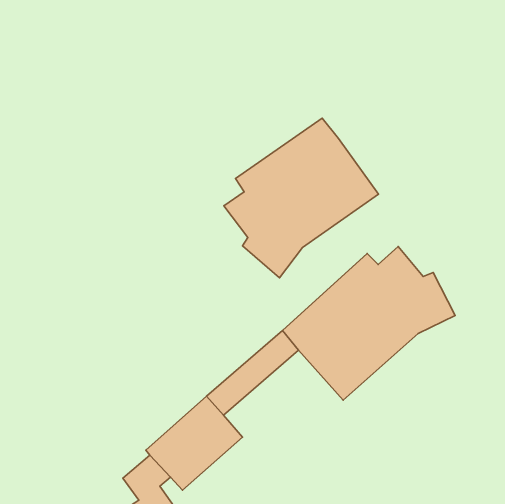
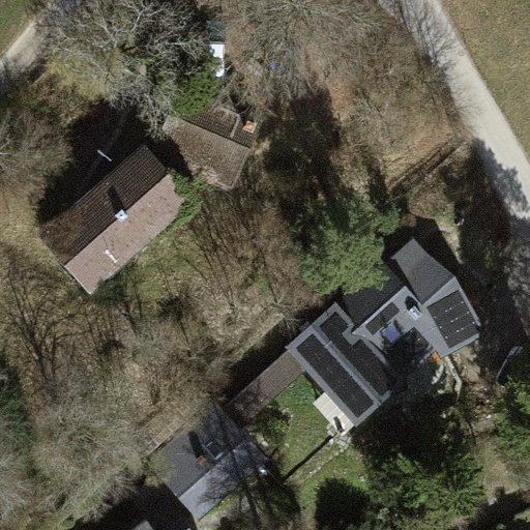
building: none -> [43,101,249,291]
building: [224,118,378,278] -> none

